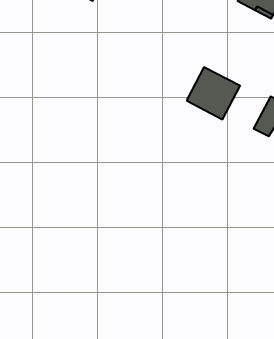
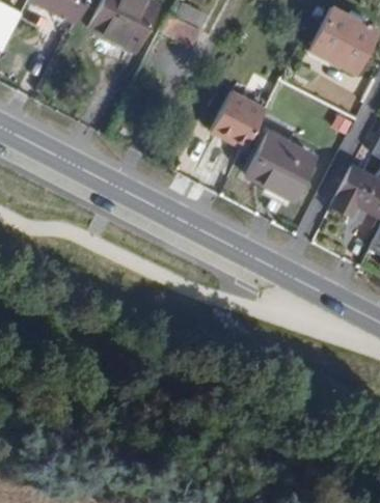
building: none -> [212,92,267,149]

